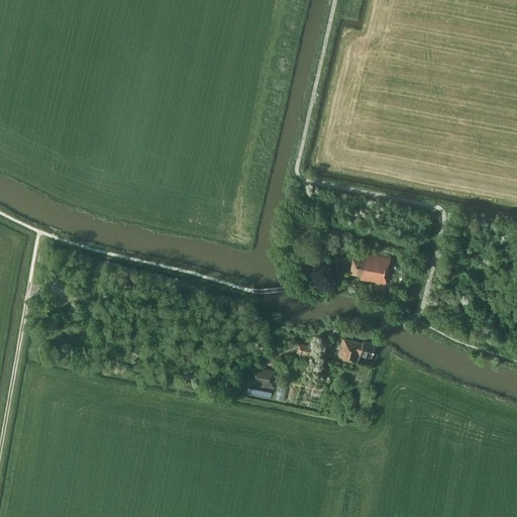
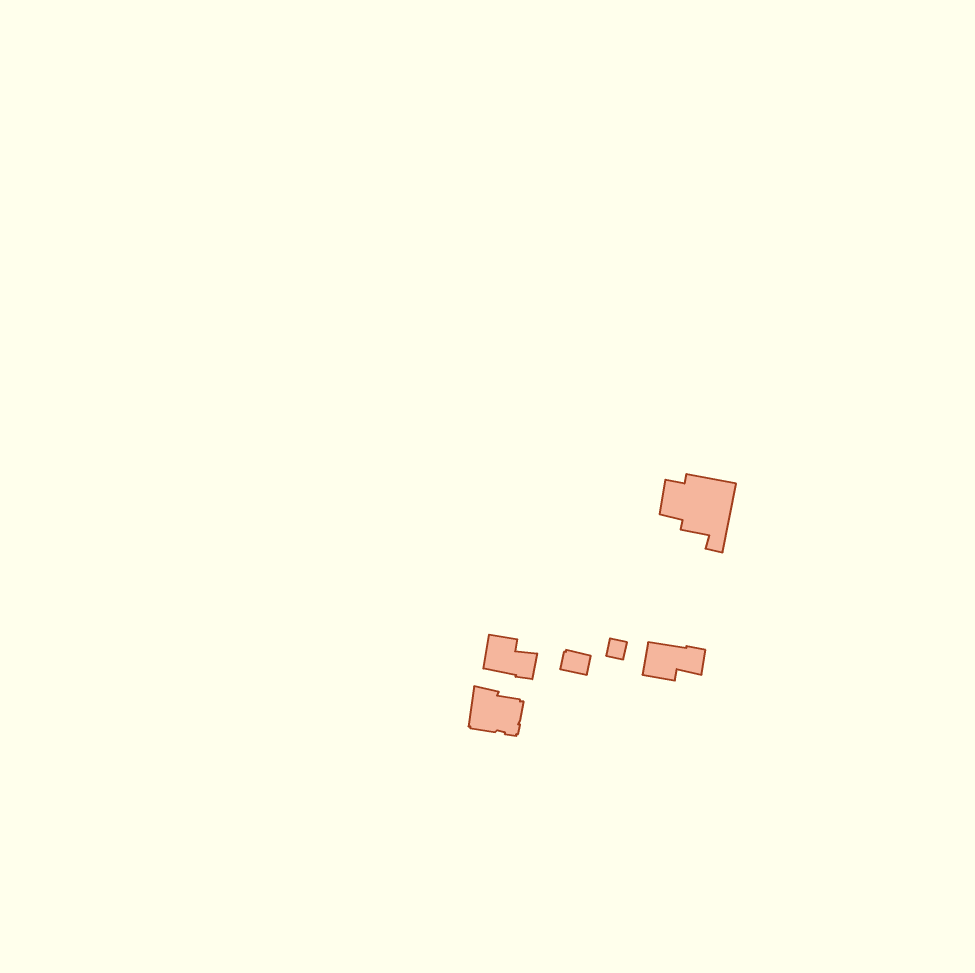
building: none -> [483,635,537,679]

